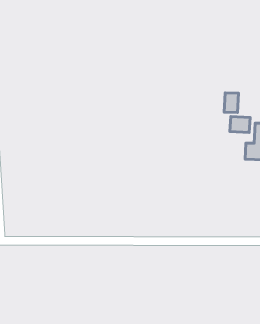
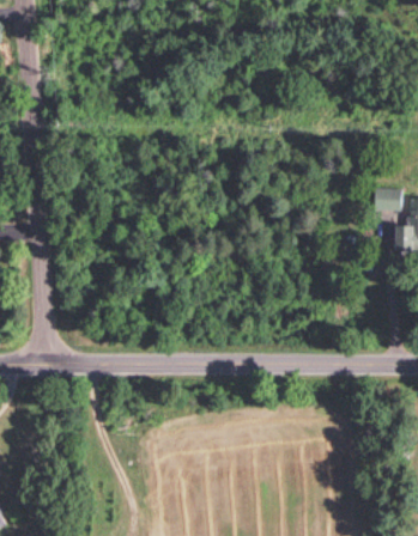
building: [224,93,238,112] -> none

